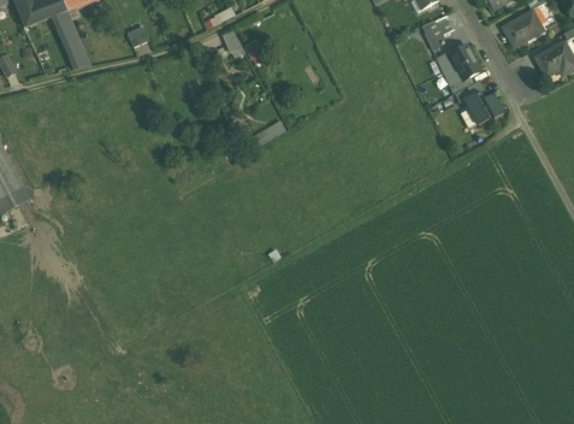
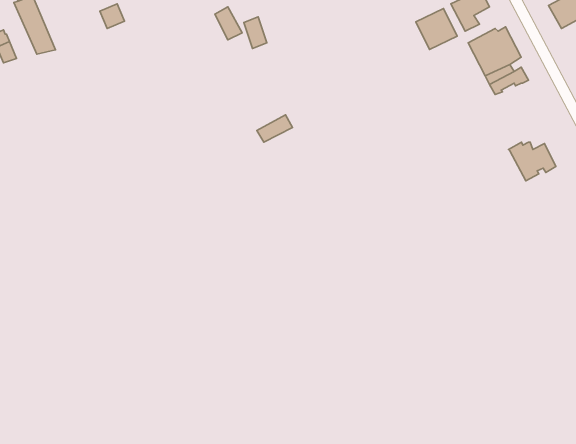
building: none -> [416,9,457,50]
building: [462,92,502,124] -> [509,142,556,181]

